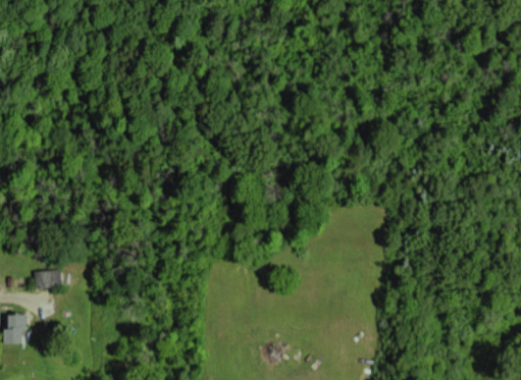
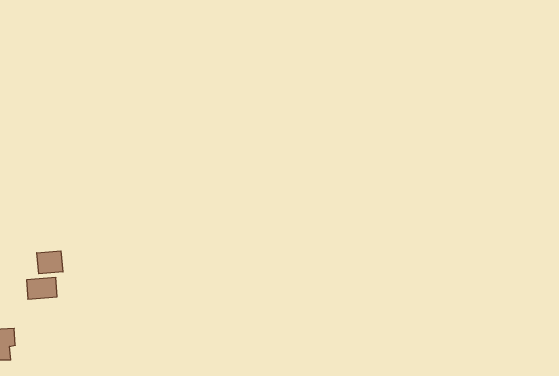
building: none -> [37,251,63,274]

